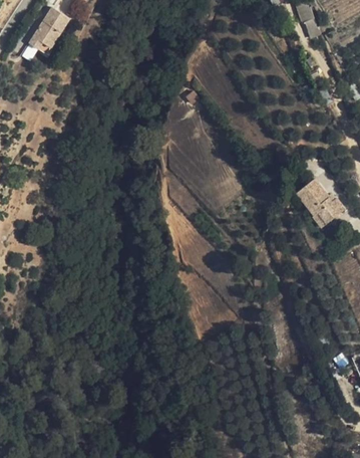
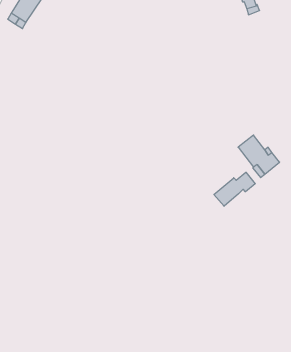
building: none -> [214,172,255,206]

